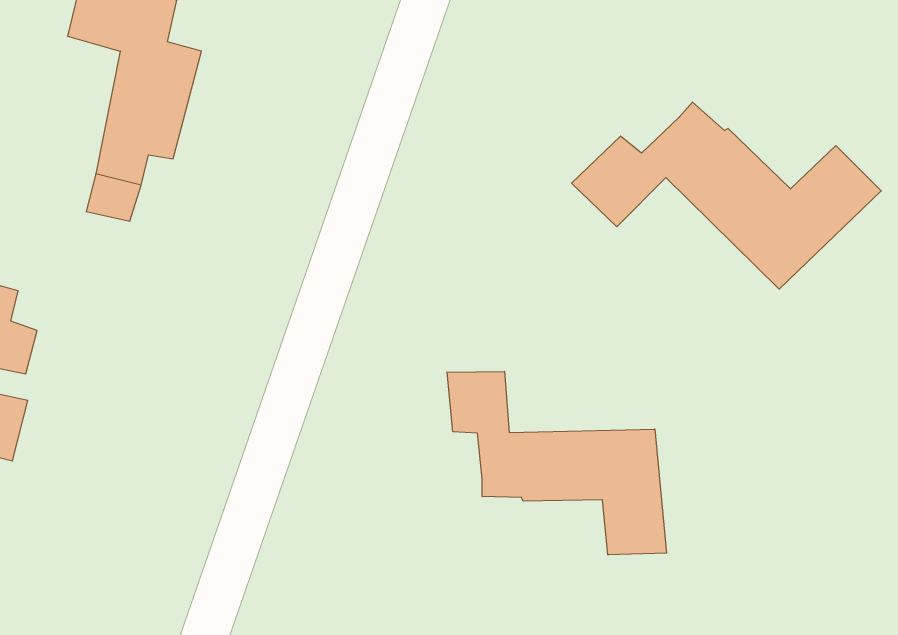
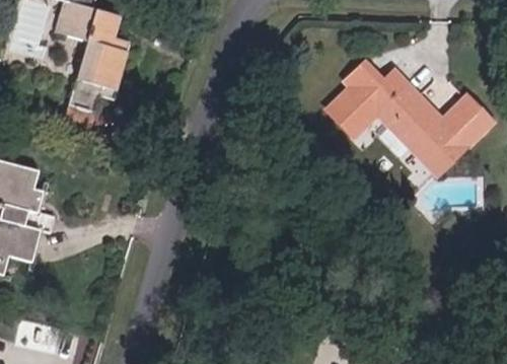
building: none -> [346,58,386,96]
building: [447,371,667,555] -> none

